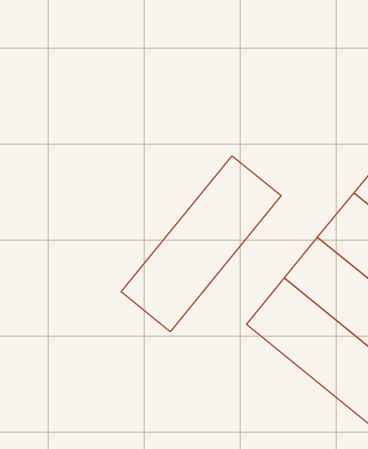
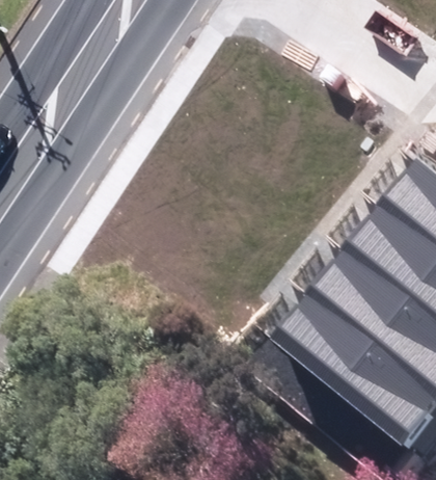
building: [121,156,281,332] -> none

